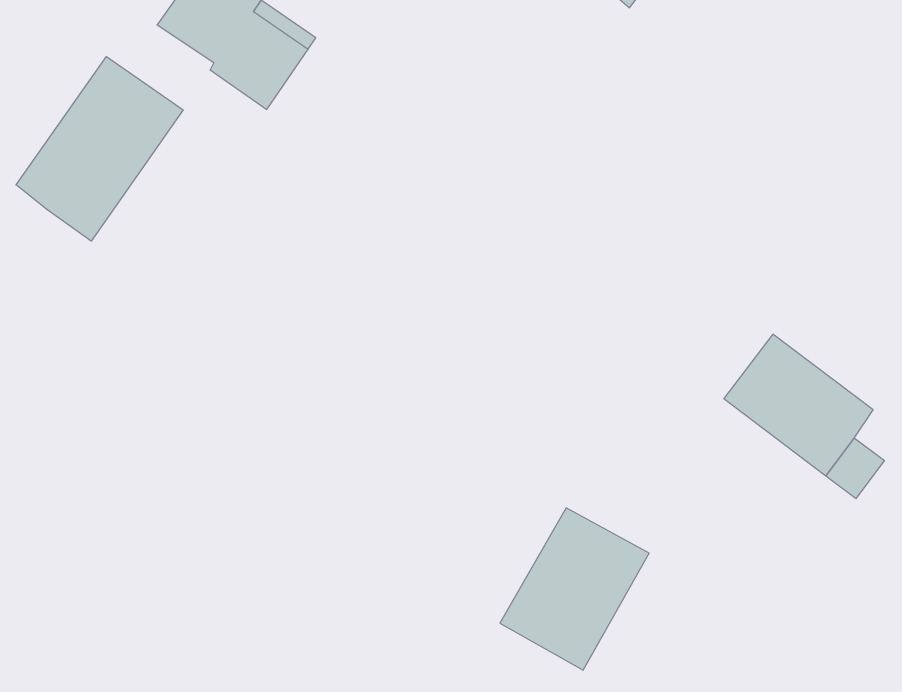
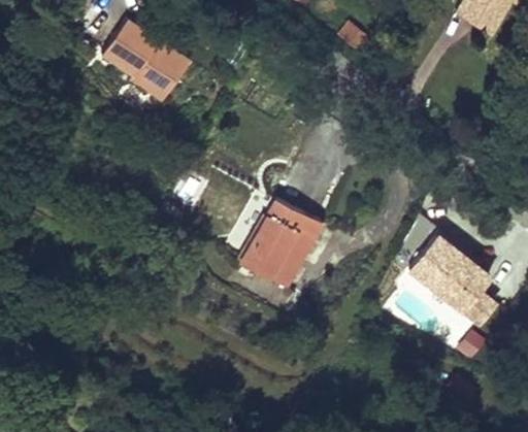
building: [16,57,183,241] -> none
building: [500,508,649,670] -> [248,212,329,301]

